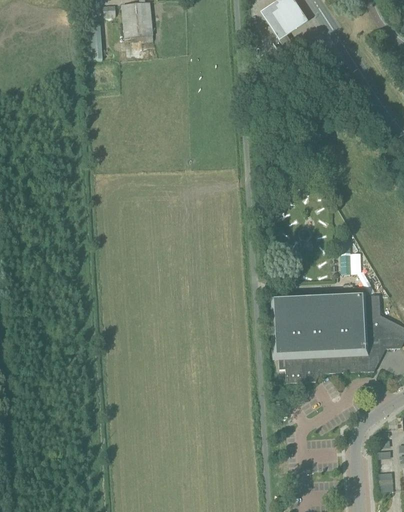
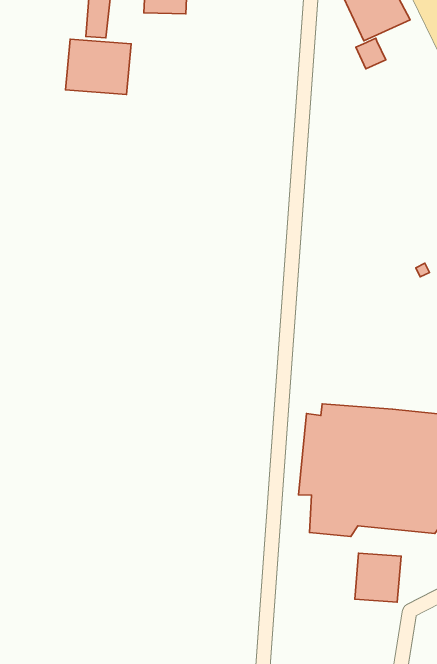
building: none -> [66,39,131,95]
building: none -> [355,553,401,602]

